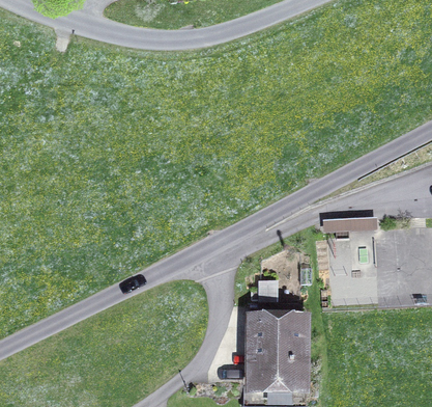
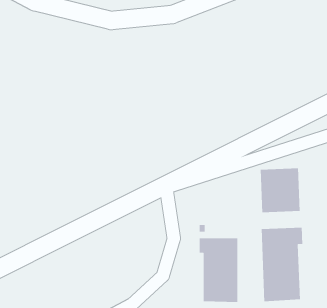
building: none -> [261,227,303,302]

